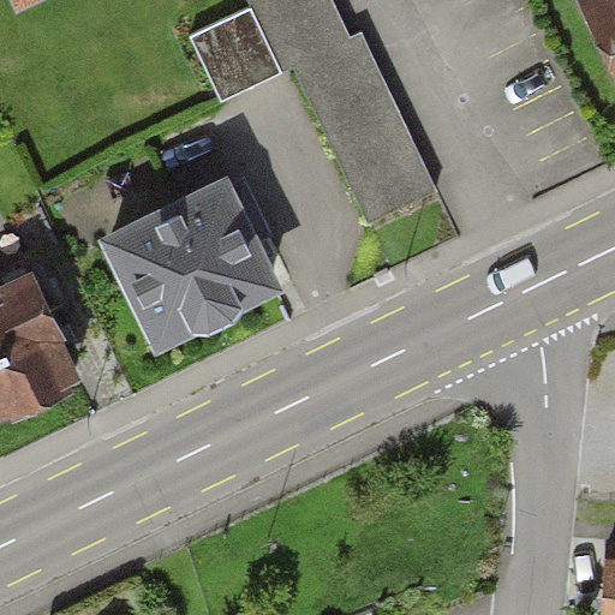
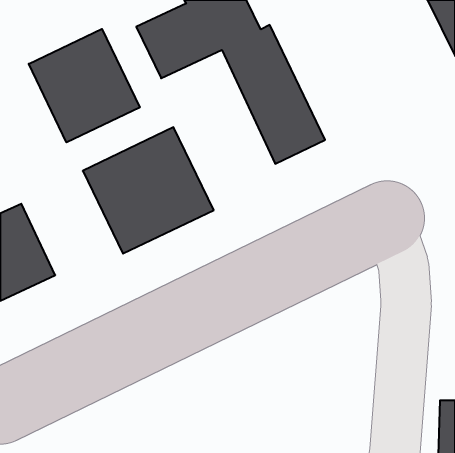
building: none -> [29,29,140,142]

